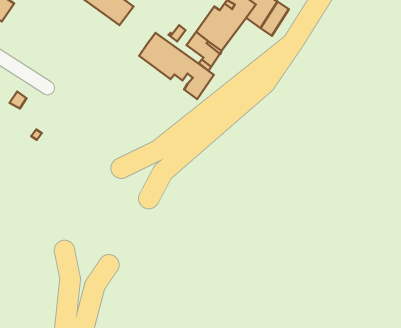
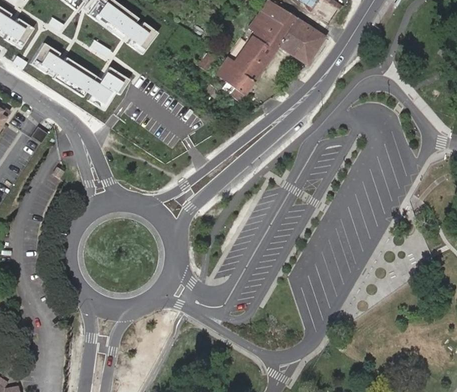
building: none -> [33,45,126,111]
building: [139,33,214,99] -> none

